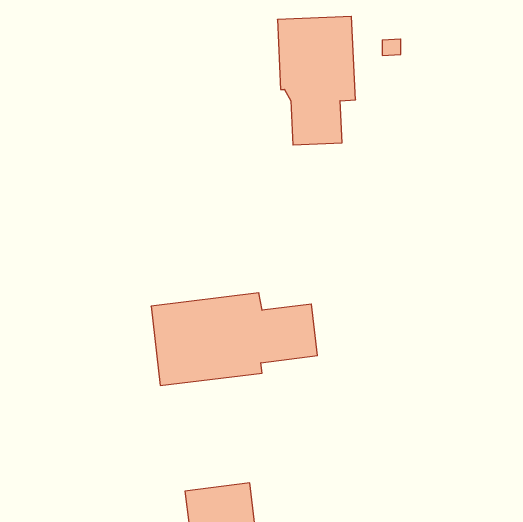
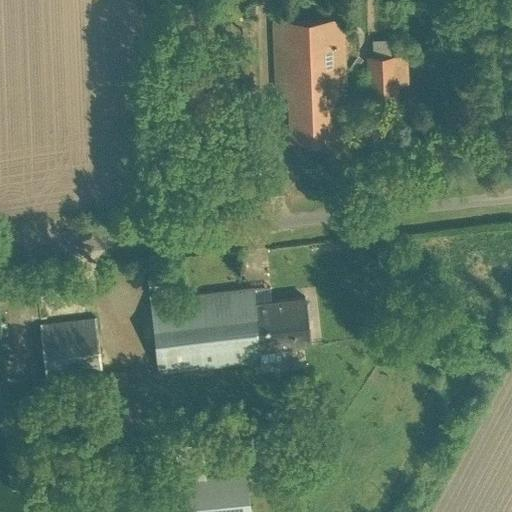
building: none -> [366,57,410,101]
building: none -> [40,320,101,382]

